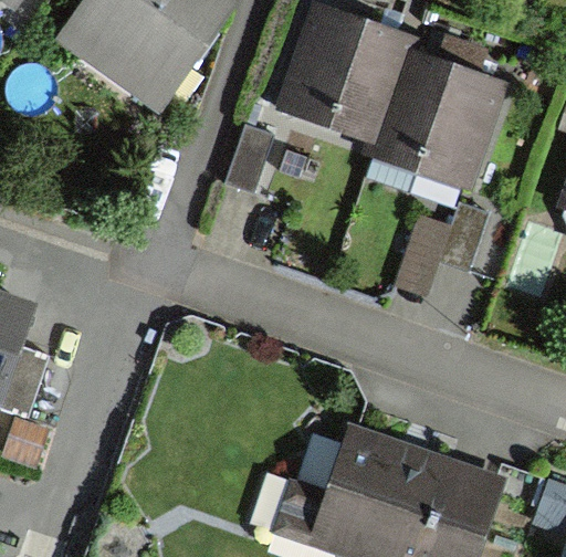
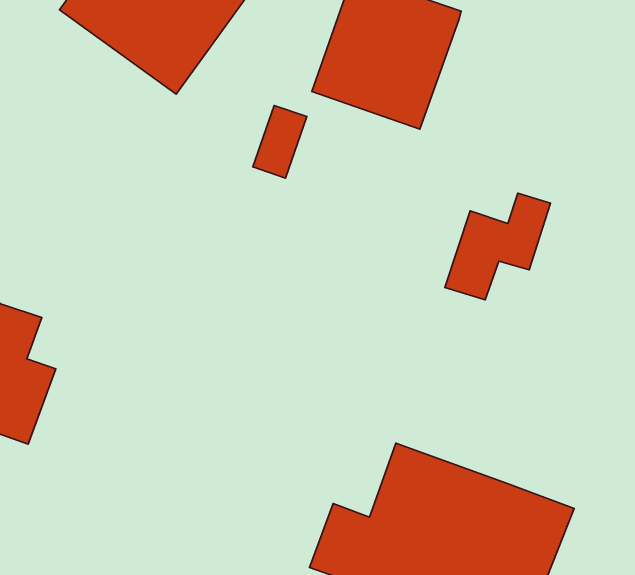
building: [369,49,509,189] -> none

